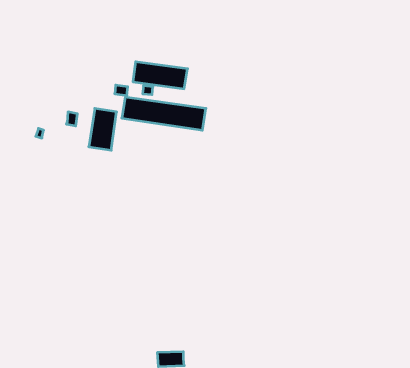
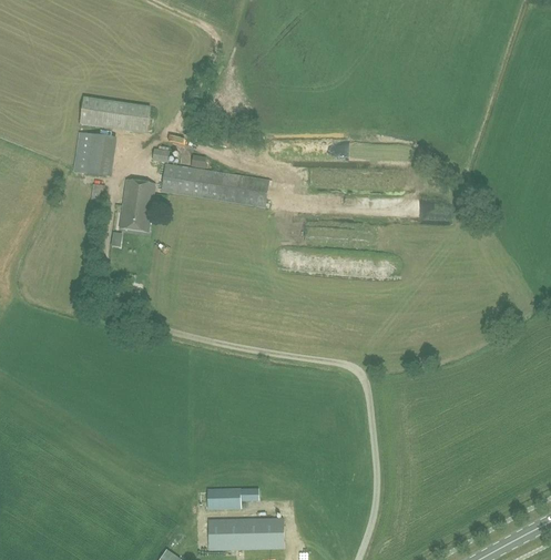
building: [133,62,188,89] -> [80,96,150,131]
building: none -> [72,131,116,175]

